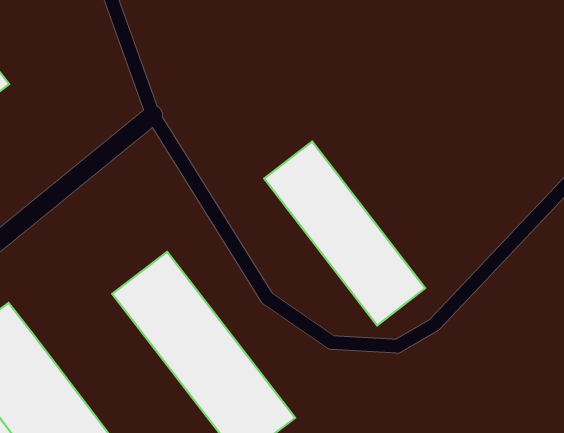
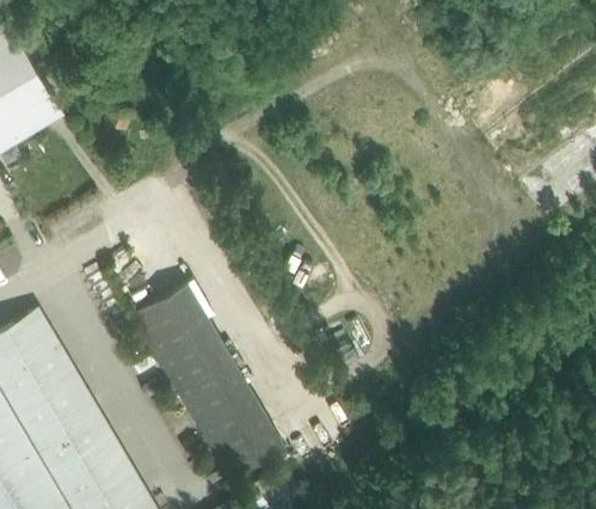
building: [264,141,425,325] -> none

